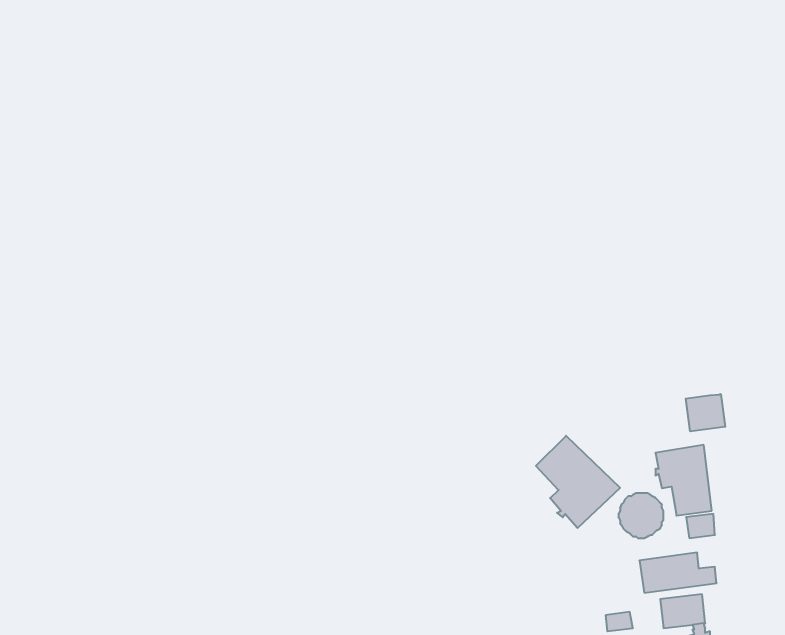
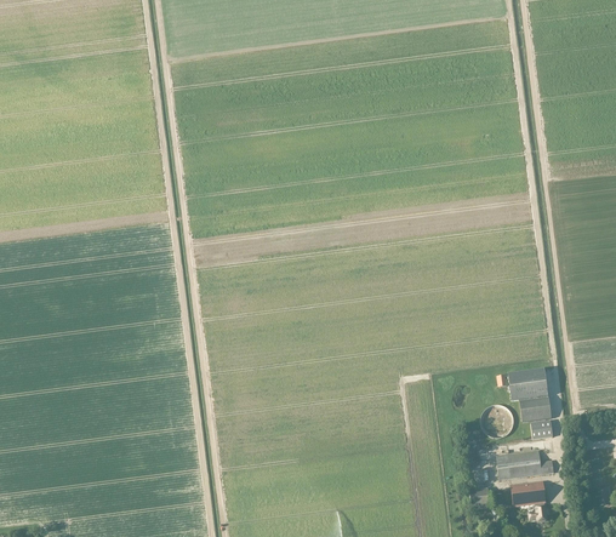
building: [686,394,725,431] -> none
building: [536,436,620,528] -> none

